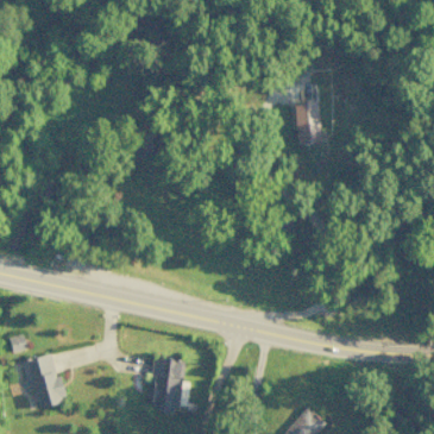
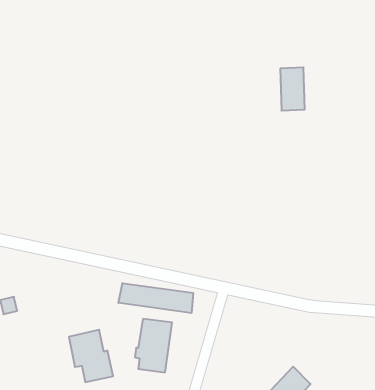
building: none -> [118,283,193,313]
building: [21,354,67,408] -> [69,330,113,382]

